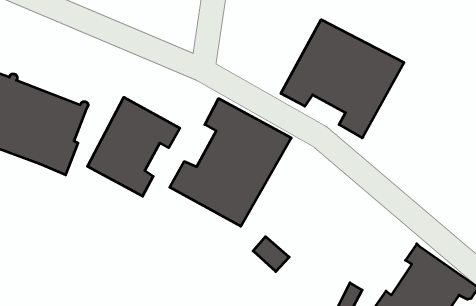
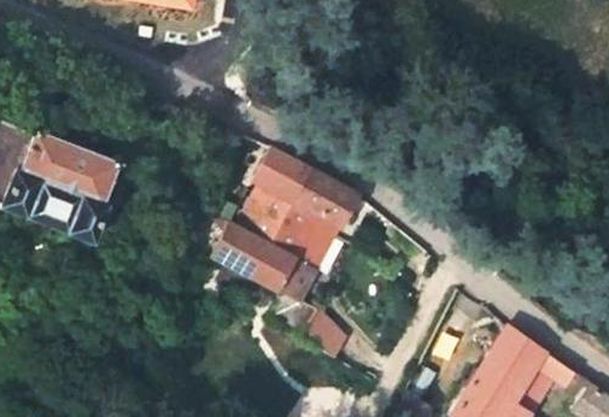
building: [281,20,404,138] -> none
building: [87,97,180,196] -> none

